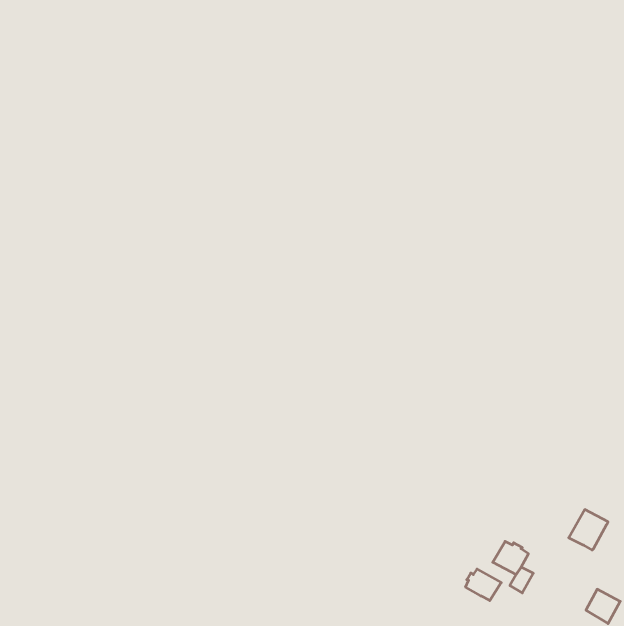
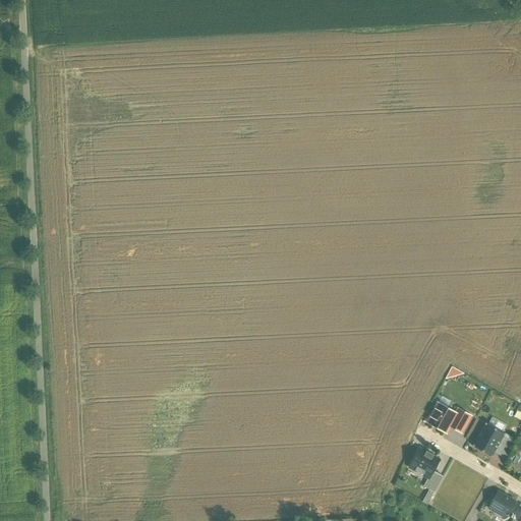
building: none -> [428,403,471,431]
building: [466,569,501,601] -> none

